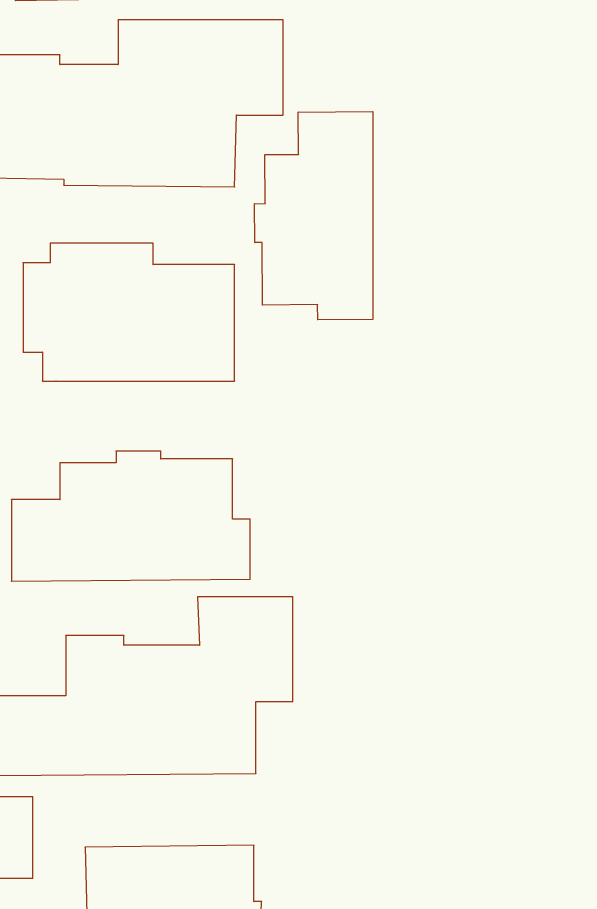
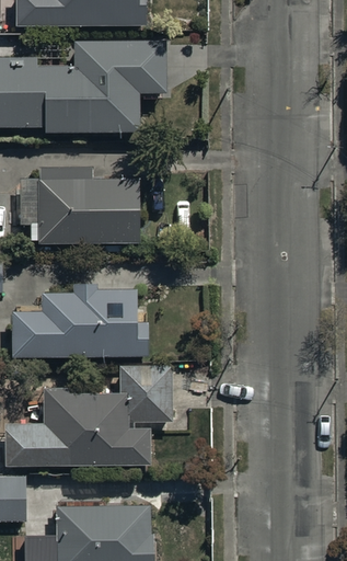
building: [255,112,373,320] -> none

